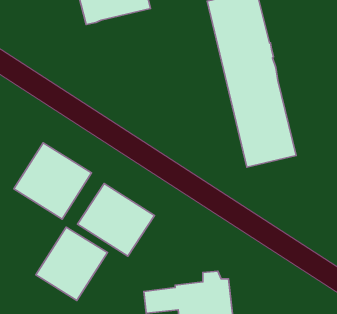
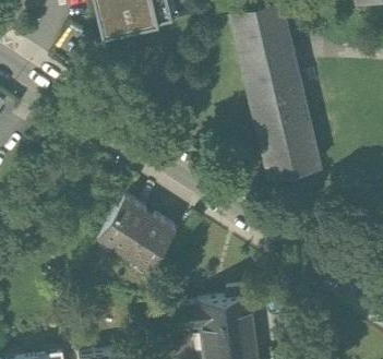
building: [14,143,92,219] -> none
building: [36,227,107,300] -> none

